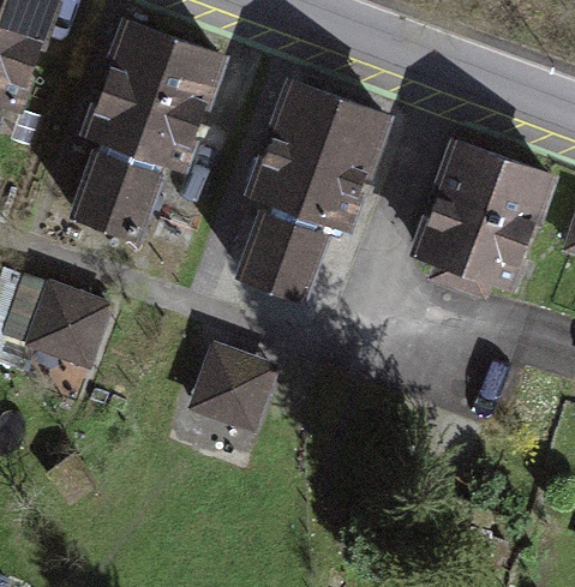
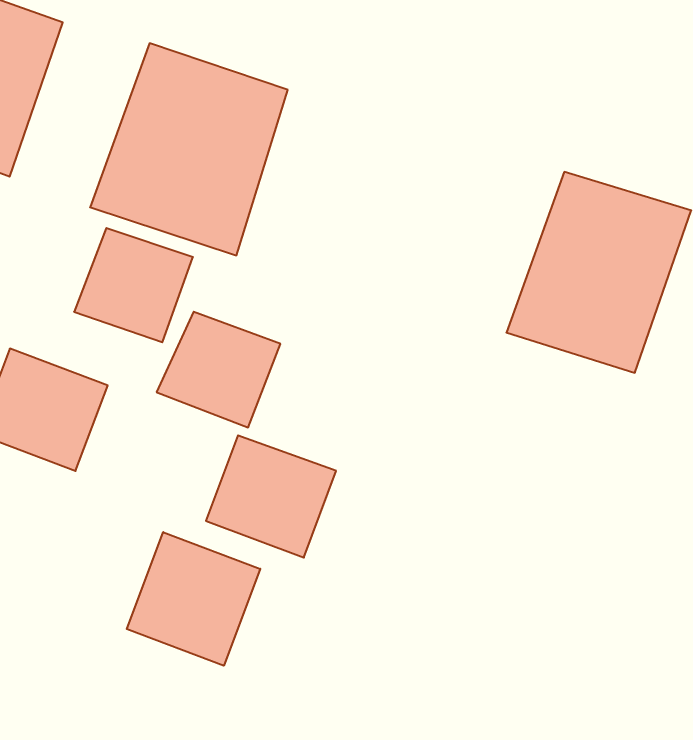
building: [244,78,373,230] -> none
building: [238,238,330,324] -> [157,312,280,427]
building: none -> [127,532,260,666]

